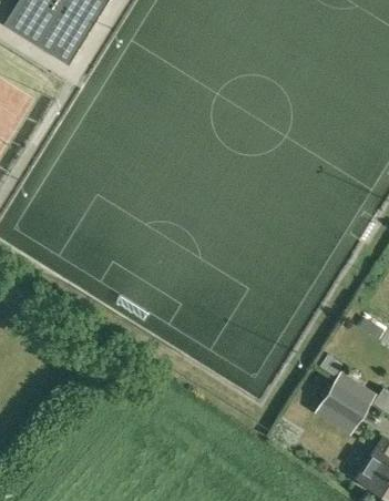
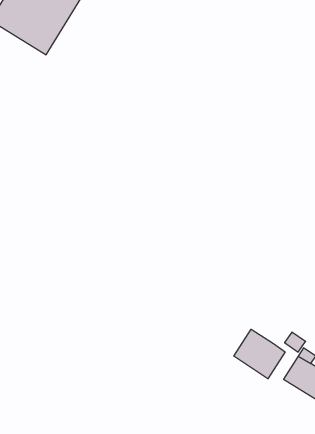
building: none -> [234,329,285,379]

